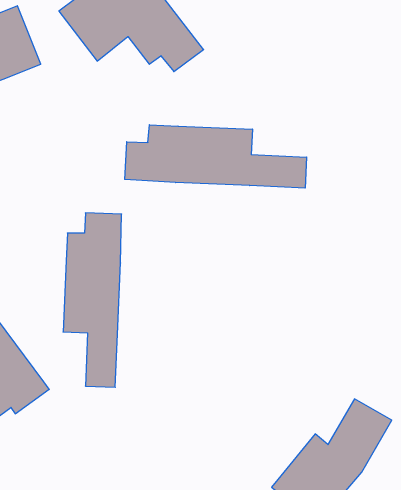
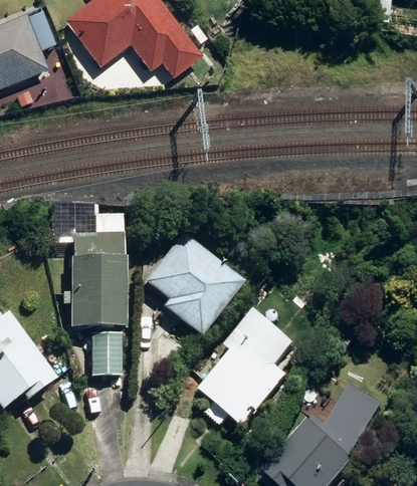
building: [125,125,307,188] -> none
building: none -> [143,232,241,333]
building: none -> [199,306,295,426]

